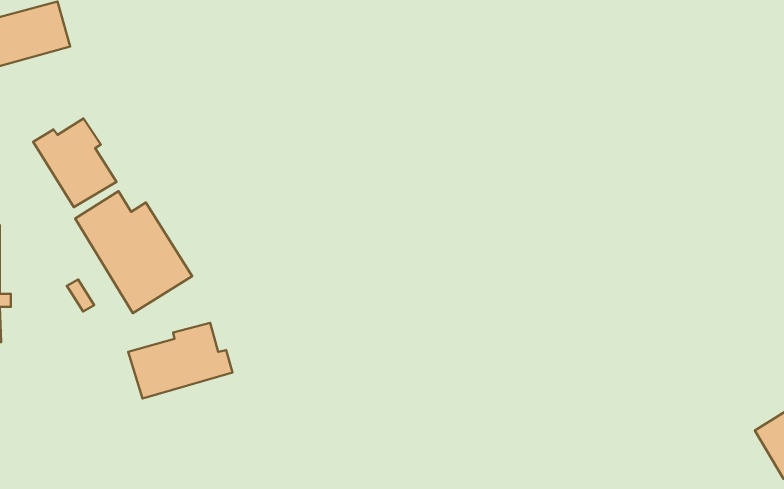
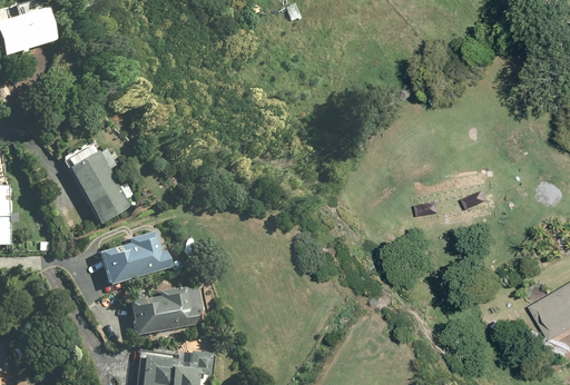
building: [33,118,116,207] -> none
building: none -> [130,293,198,334]

